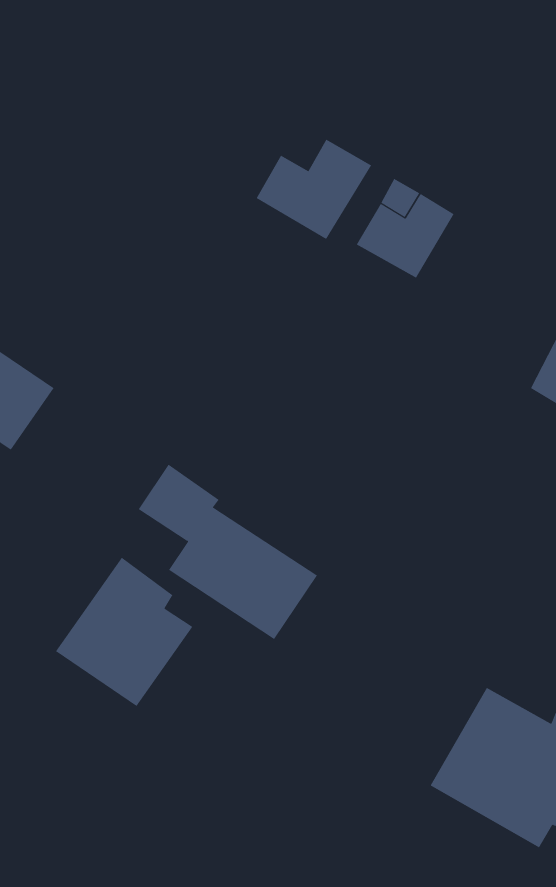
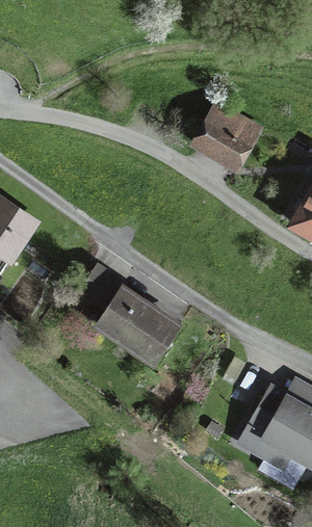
building: [256,139,372,240] -> none
building: [55,557,193,707] -> none

